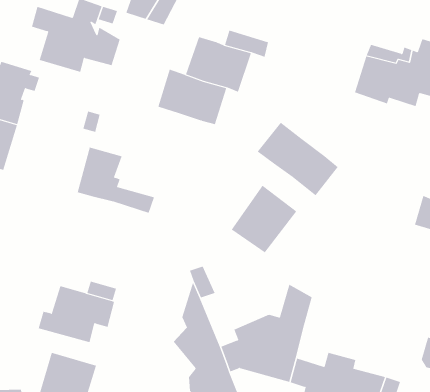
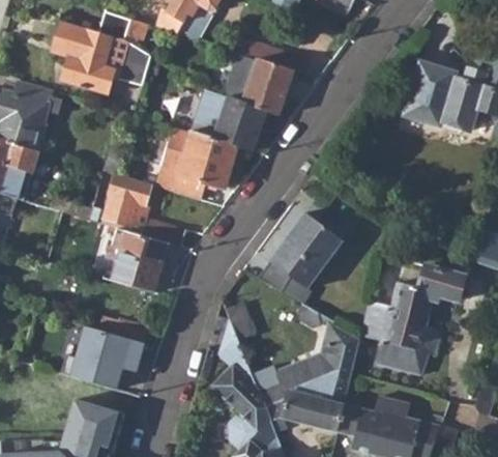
building: none -> [157,126,238,200]
building: [257,122,339,196] -> none
building: none -> [104,228,168,291]
building: none -> [360,265,463,374]

